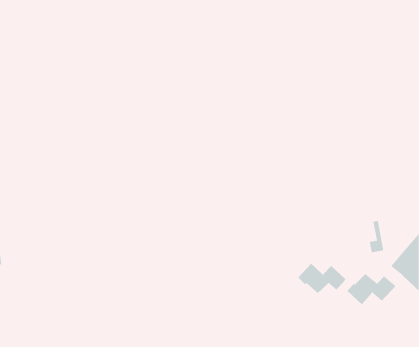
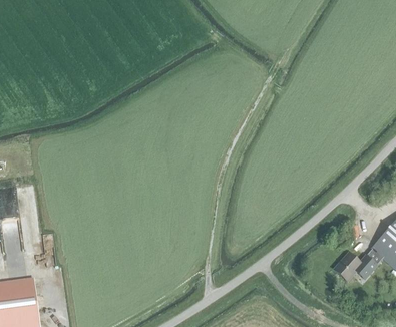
building: [298,263,347,294] -> none

